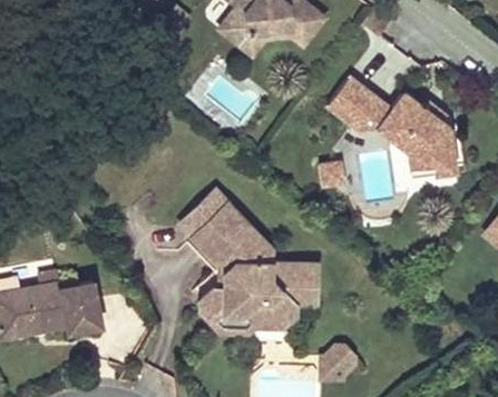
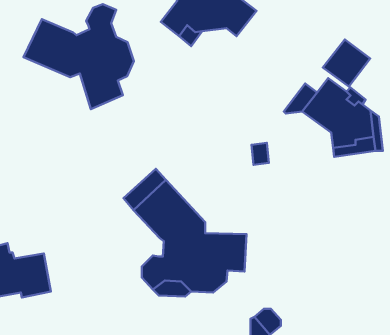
building: none -> [23,4,134,109]
building: [328,75,380,127] -> [323,39,370,87]

